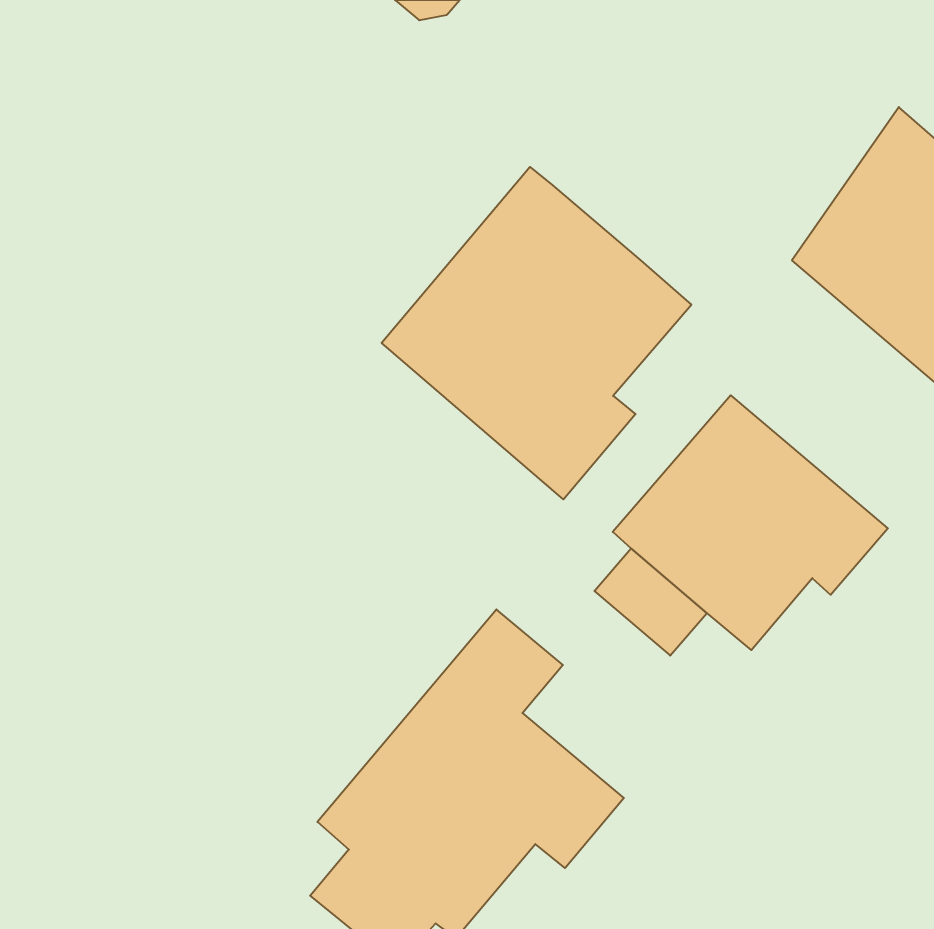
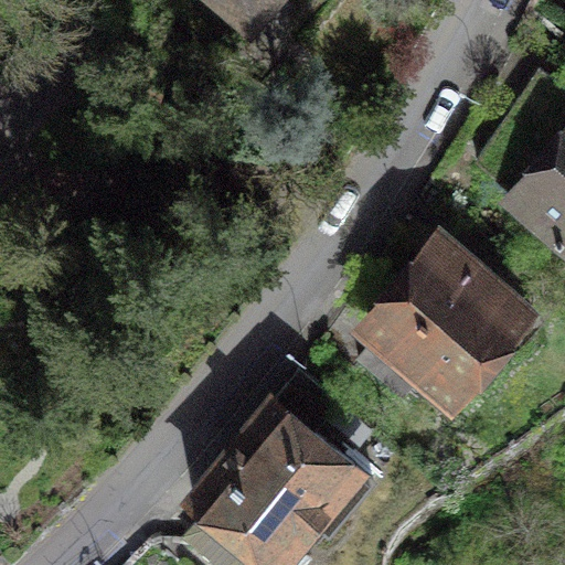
building: [382,167,691,499] -> none

